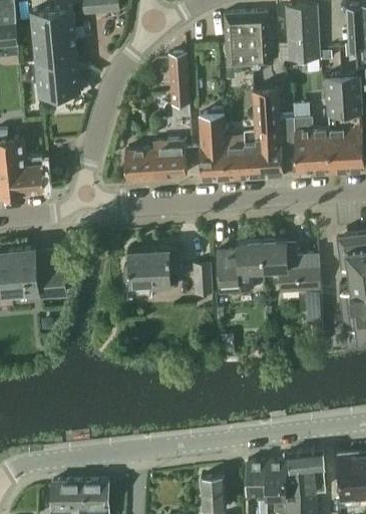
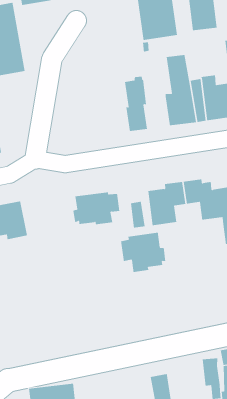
building: [170,50,190,107] -> none
building: [222,138,250,176] -> none
building: [125,140,187,180] -> none
building: none -> [120,232,166,273]
building: [247,462,267,501] -> none

